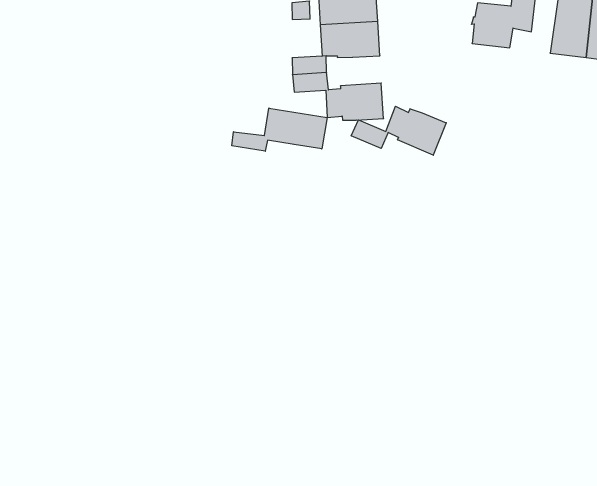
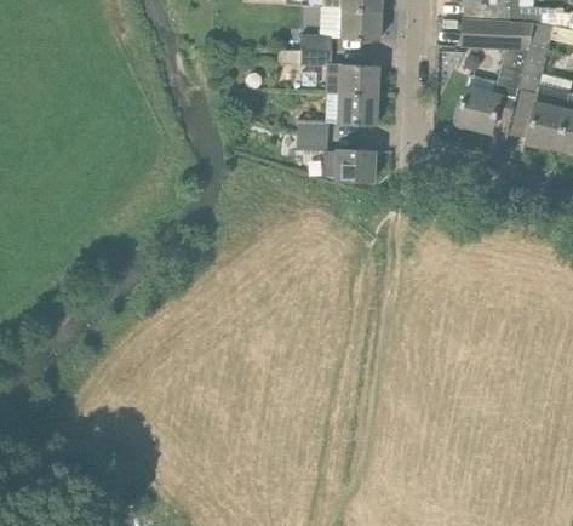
building: [351,106,446,155] -> none
building: [232,108,327,151] -> none

